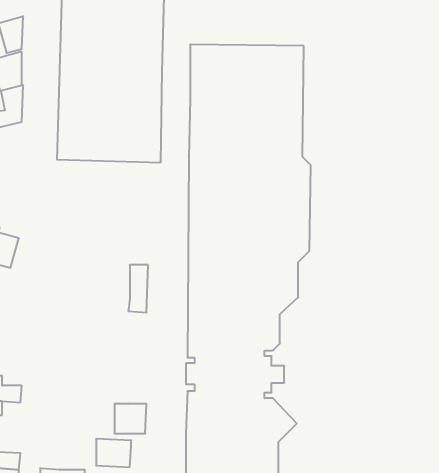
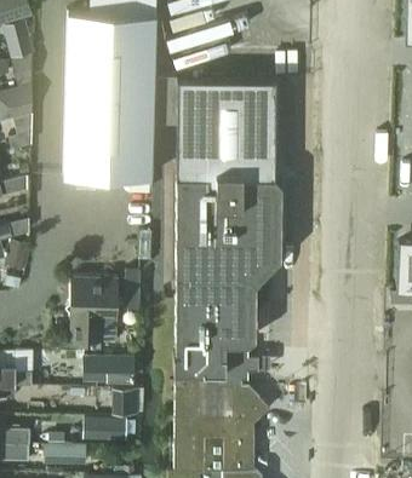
building: none -> [64,280,118,352]
building: none -> [82,359,135,385]

